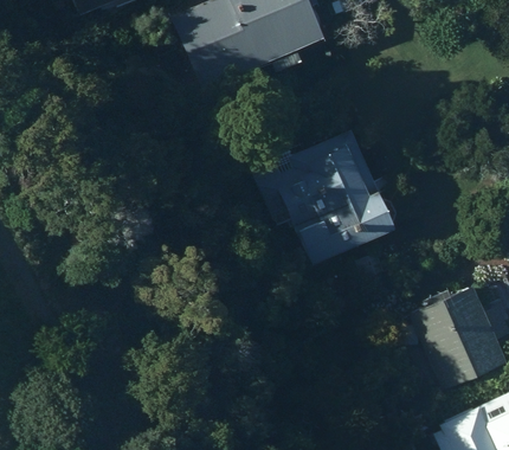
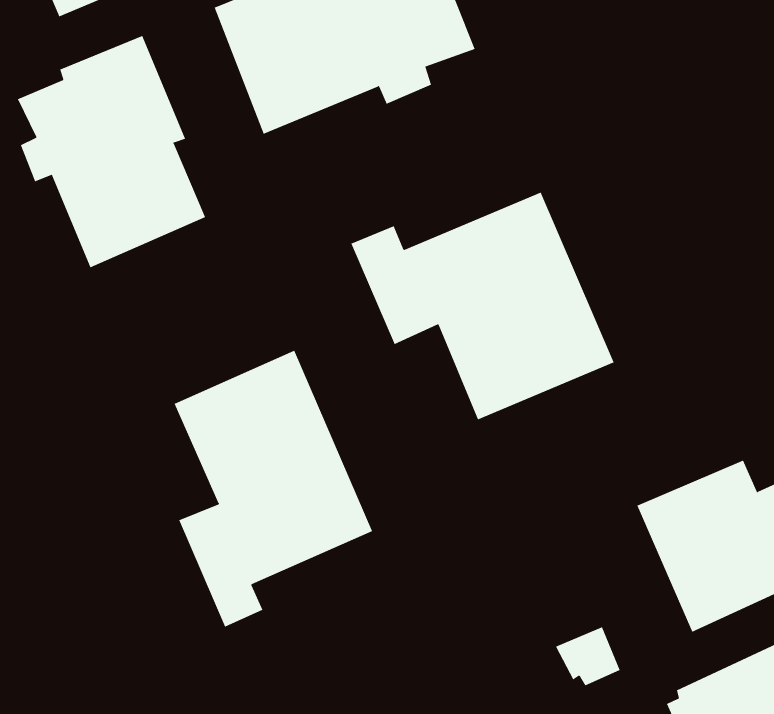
building: none -> [17,35,206,268]
building: none -> [174,350,373,627]

